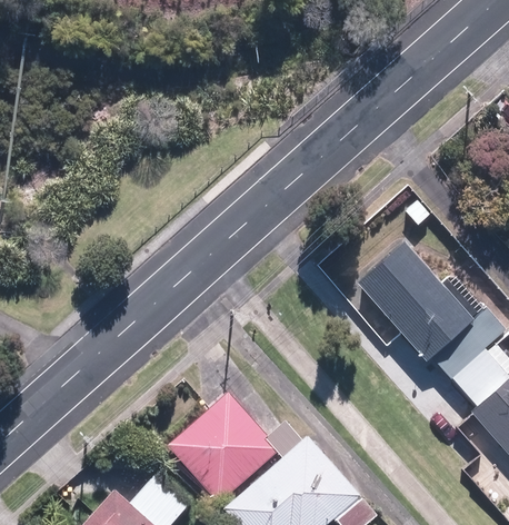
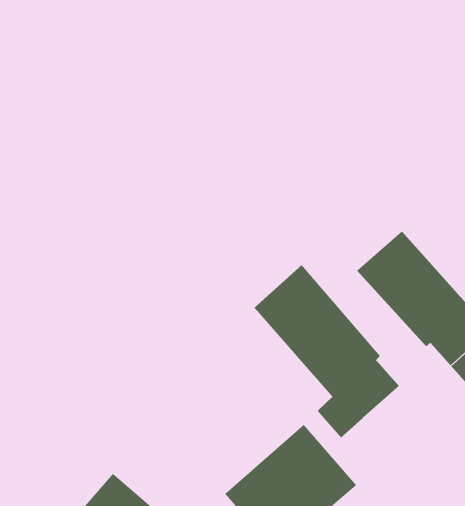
building: none -> [253,264,400,438]
building: [169,394,277,502] -> none

